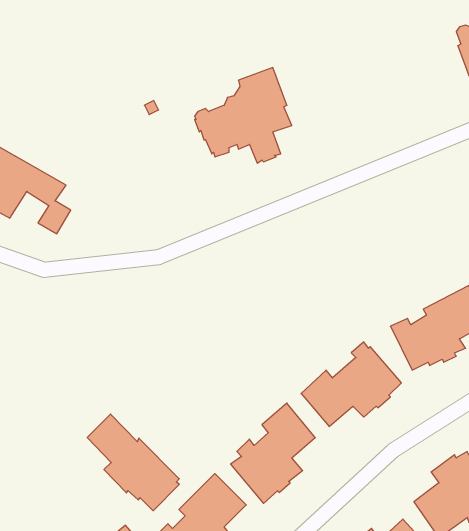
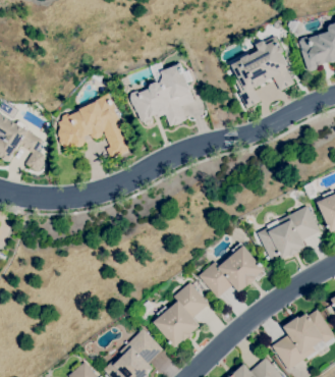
building: none -> [231,40,294,108]
building: none -> [58,93,131,158]
building: [87,414,179,511] -> none

